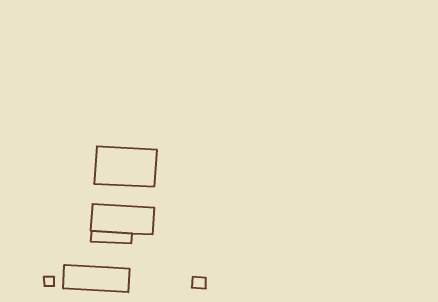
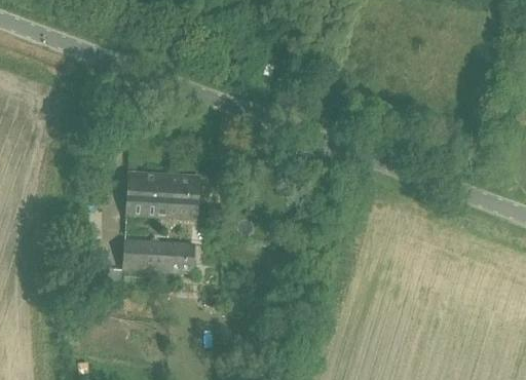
building: [63,265,129,292] -> none

